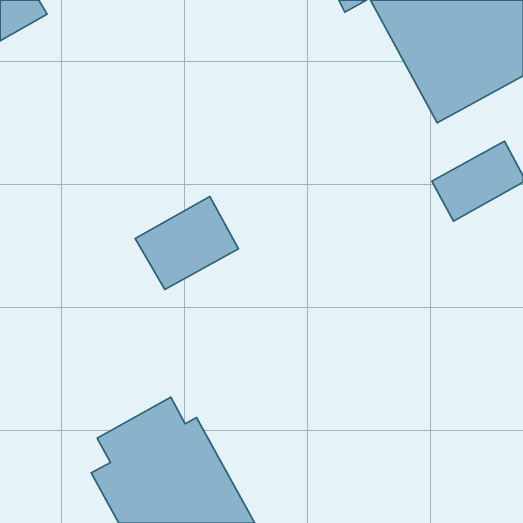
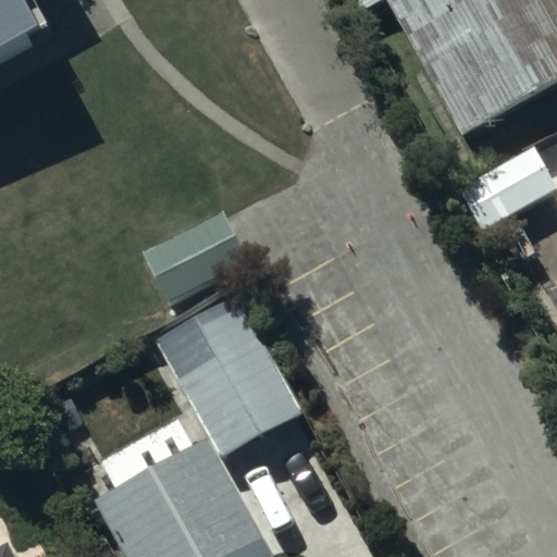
building: none -> [163,302,300,455]

